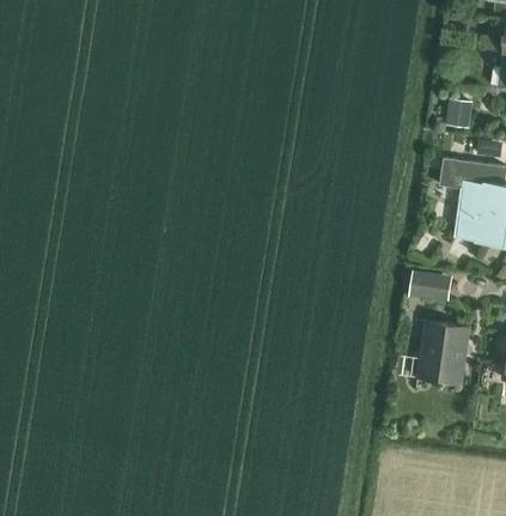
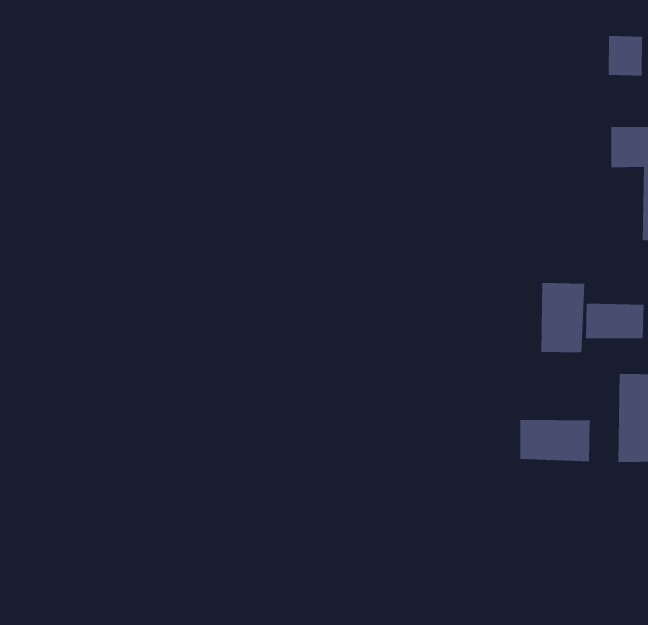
building: none -> [541,282,585,353]
building: none -> [519,419,590,462]

